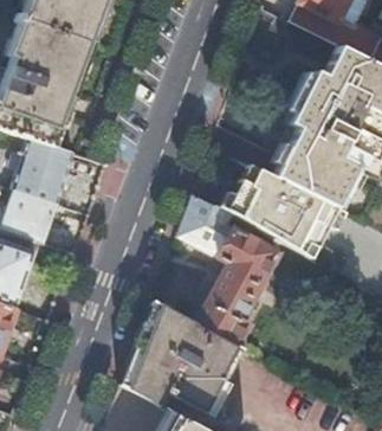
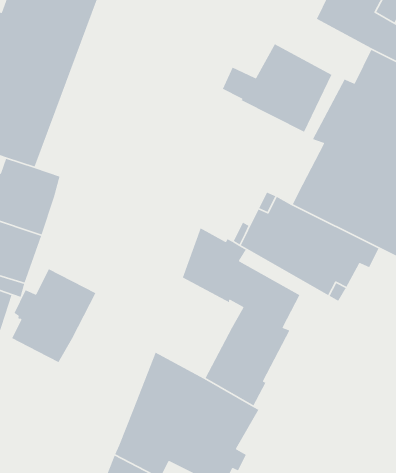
building: none -> [222,43,333,133]
building: none -> [11,268,96,363]

